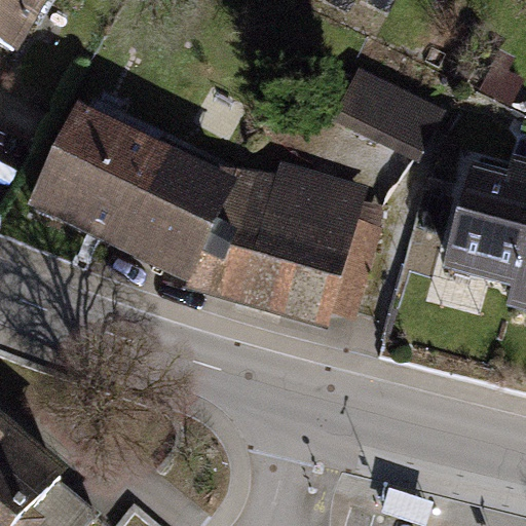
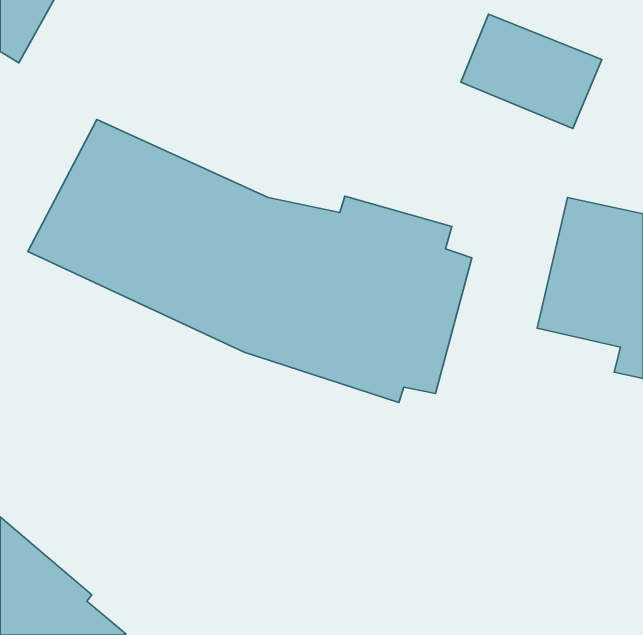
building: [335,72,450,165] -> [461,14,602,129]

